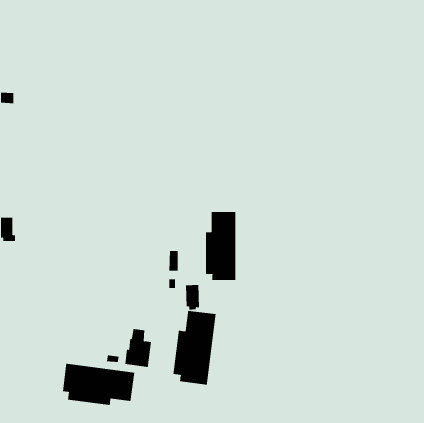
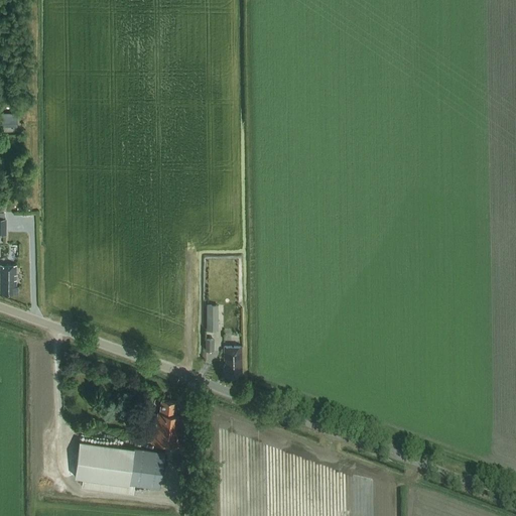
building: [205,211,236,281] -> none
building: [173,310,216,386] -> none

